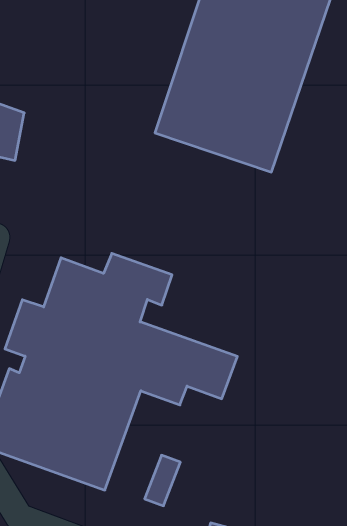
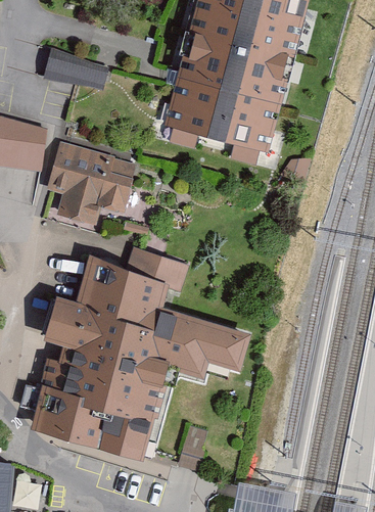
building: none -> [42,47,107,90]
building: none -> [45,143,135,225]

